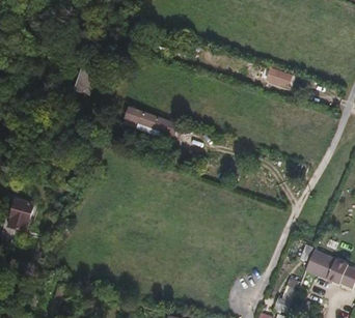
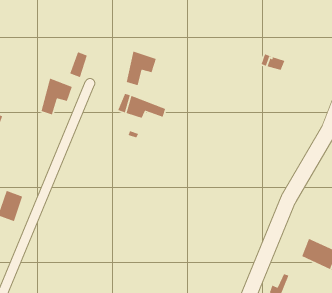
building: none -> [126,51,157,86]
building: none -> [40,78,73,116]

